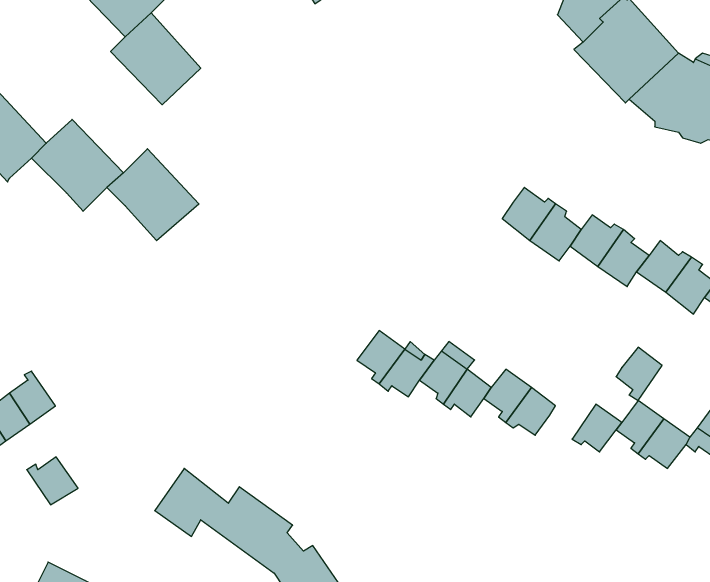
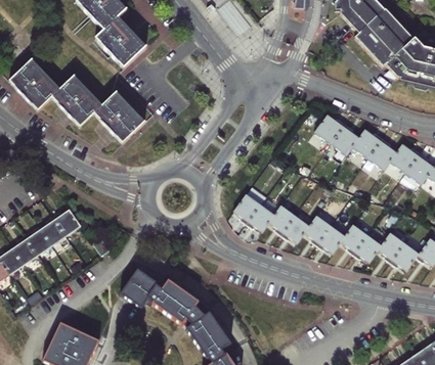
building: [616,347,662,400] -> [341,224,366,254]
building: [27,457,78,505] -> [52,209,81,235]

